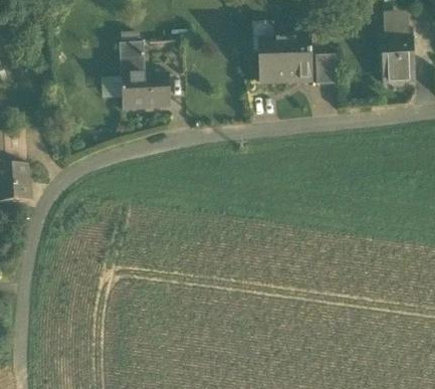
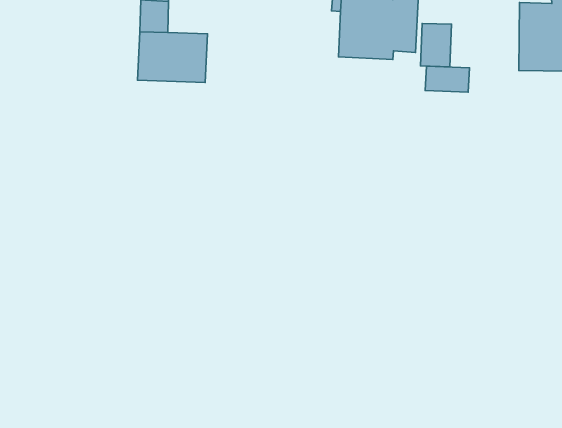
building: none -> [425,66,469,92]

